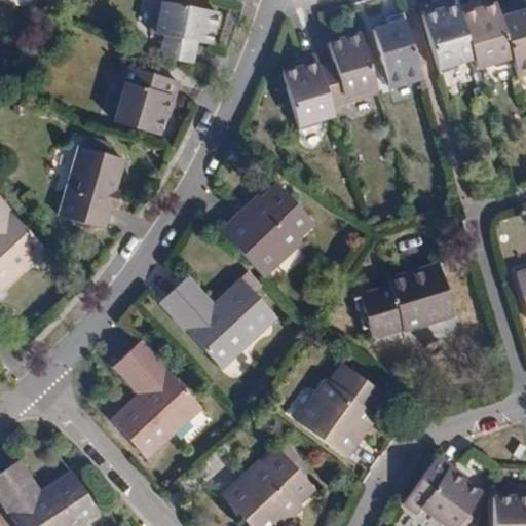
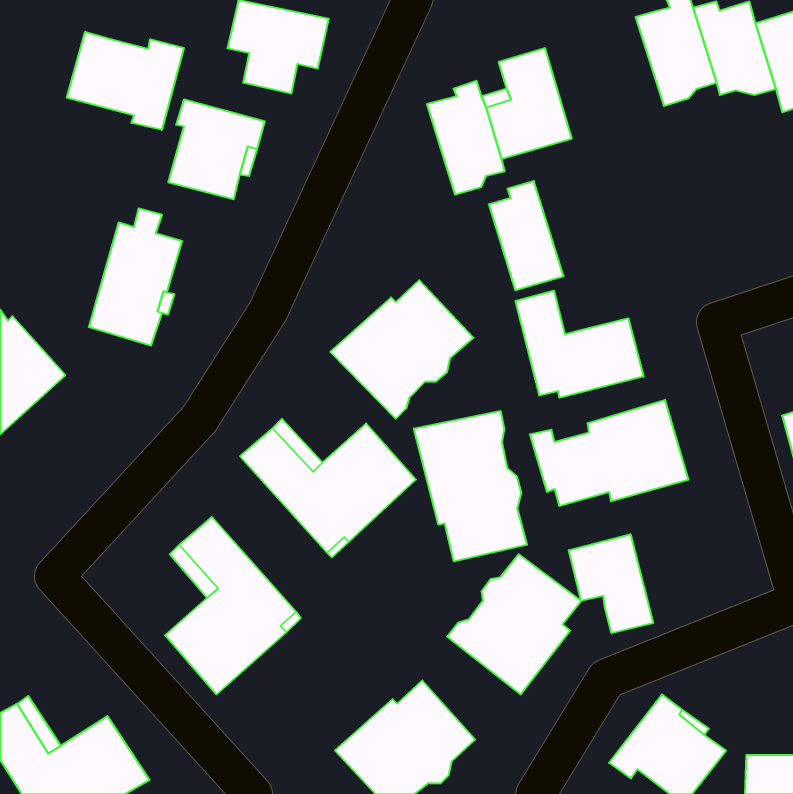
building: [374,15,423,87] -> [489,181,564,290]
building: none -> [67,32,184,130]
building: none -> [515,291,644,398]
building: none -> [414,411,527,561]
building: none -> [569,534,653,633]

